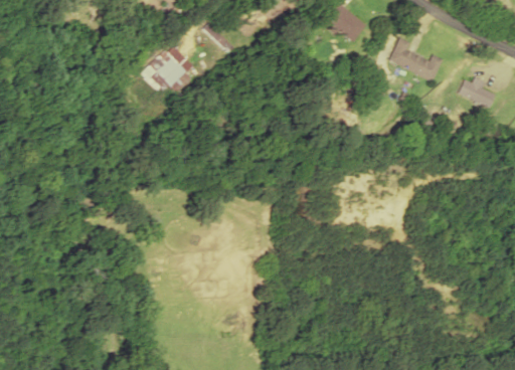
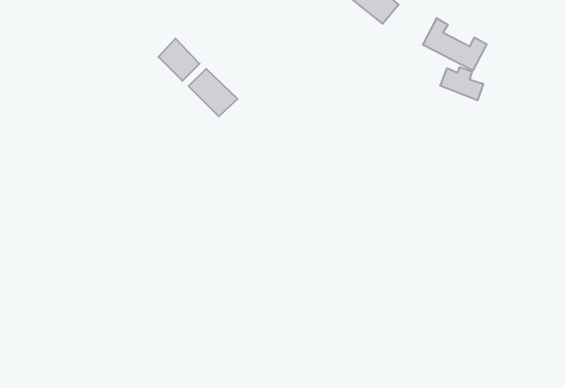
building: [458,77,496,107] -> [440,67,483,100]
building: none -> [189,69,238,116]

